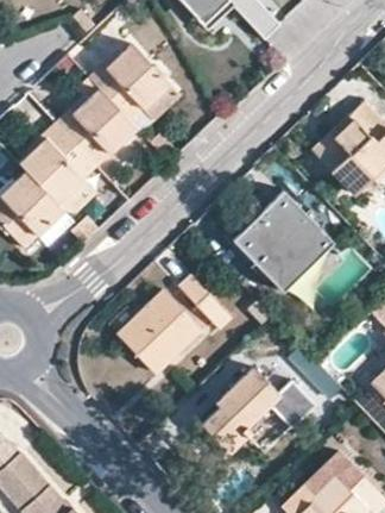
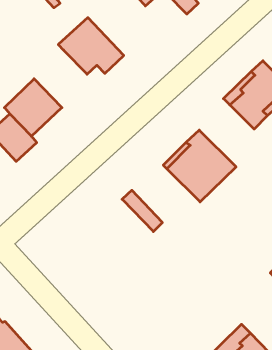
building: [61,88,138,164] -> none
building: [118,290,200,371] -> none
building: [201,365,314,452] -> none

